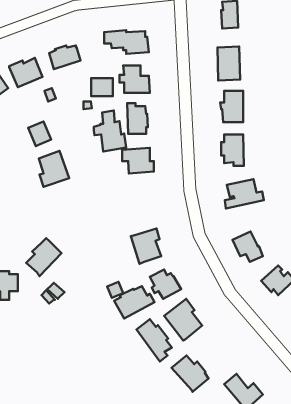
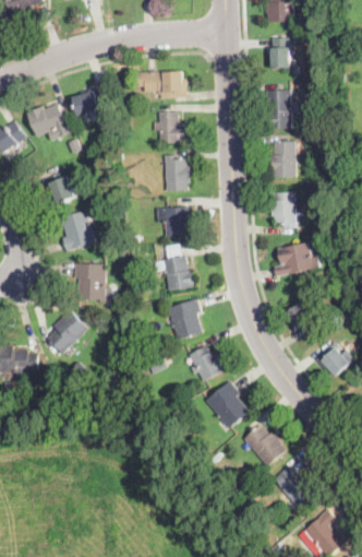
building: [91,78,113,96] -> none
building: [94,111,126,151] -> [156,244,193,291]
building: none -> [75,263,106,300]
building: [114,286,155,318] -> none
building: [136,319,172,361] -> none
building: [171,356,209,392] -> [243,425,286,466]

